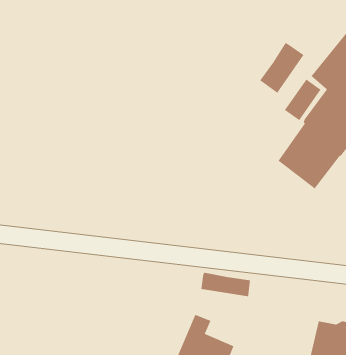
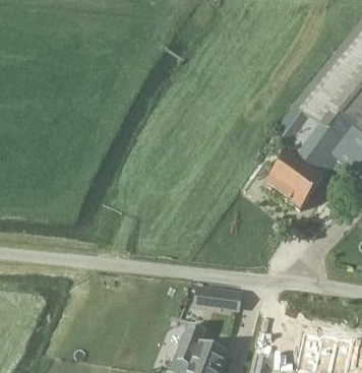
building: [259,42,304,94] -> none

